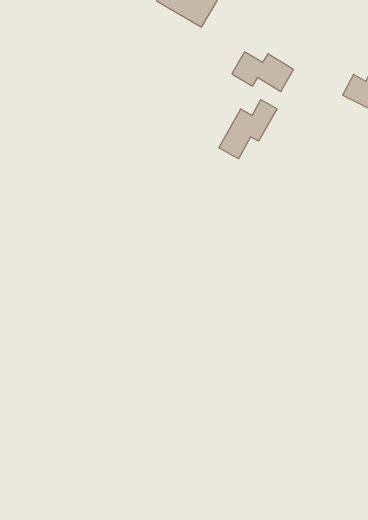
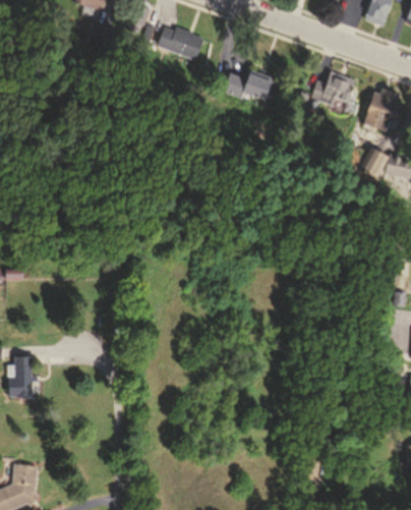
building: [219,100,277,159] -> none

